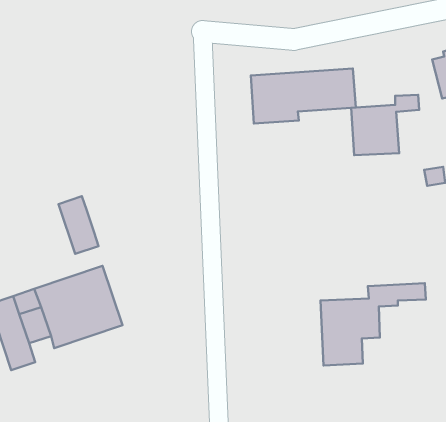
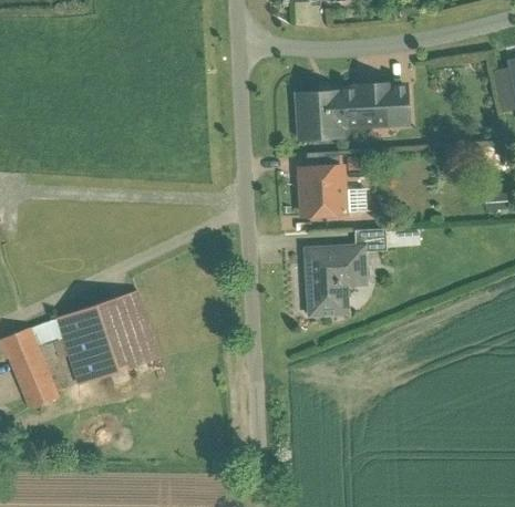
building: [351,95,419,155] -> [295,151,370,217]
building: [58,196,99,254] -> none
building: [321,283,426,365] -> [302,226,419,317]

